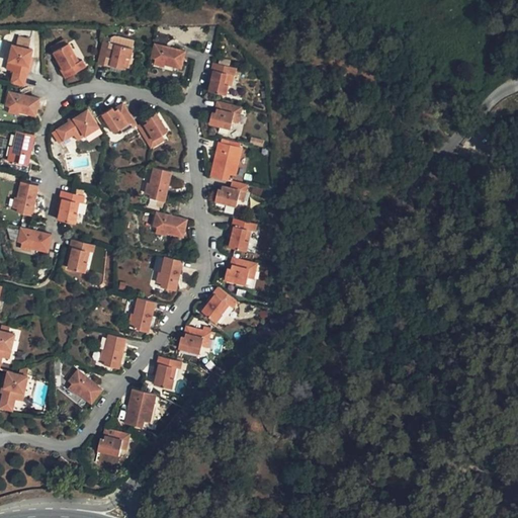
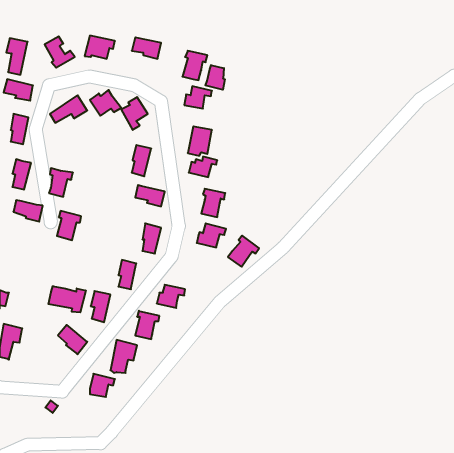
building: none -> [205,65,225,90]
building: [203,285,239,321] -> [228,236,259,267]
building: none -> [48,286,86,312]

